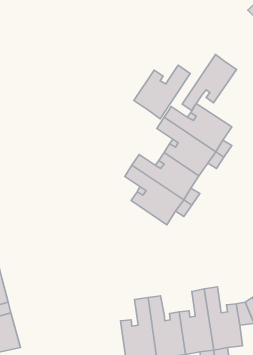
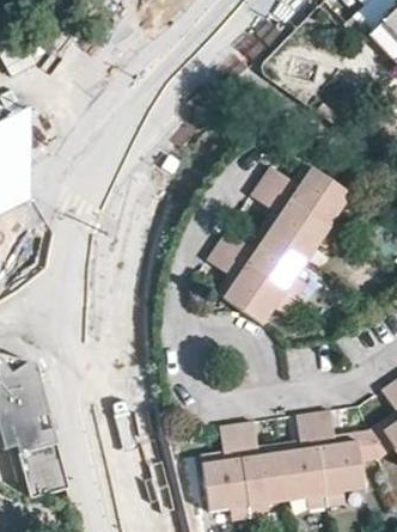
building: [182,55,237,110] -> none
building: [134,65,190,119] -> none

